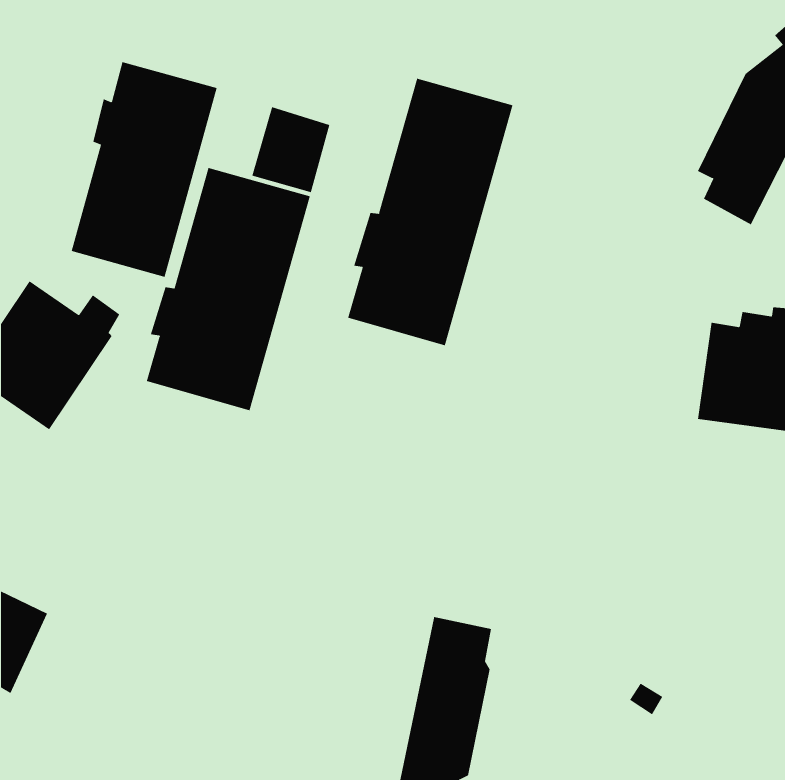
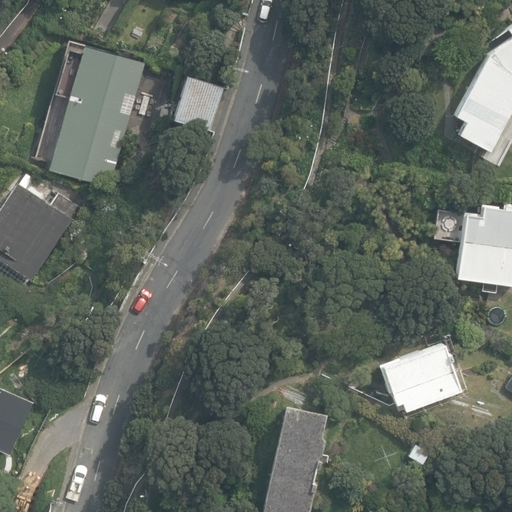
building: [347,78,513,346] -> none
building: [146,167,311,411] -> none
building: none -> [380,342,460,412]

